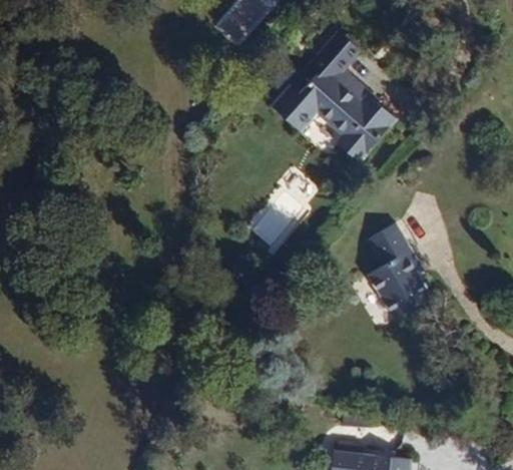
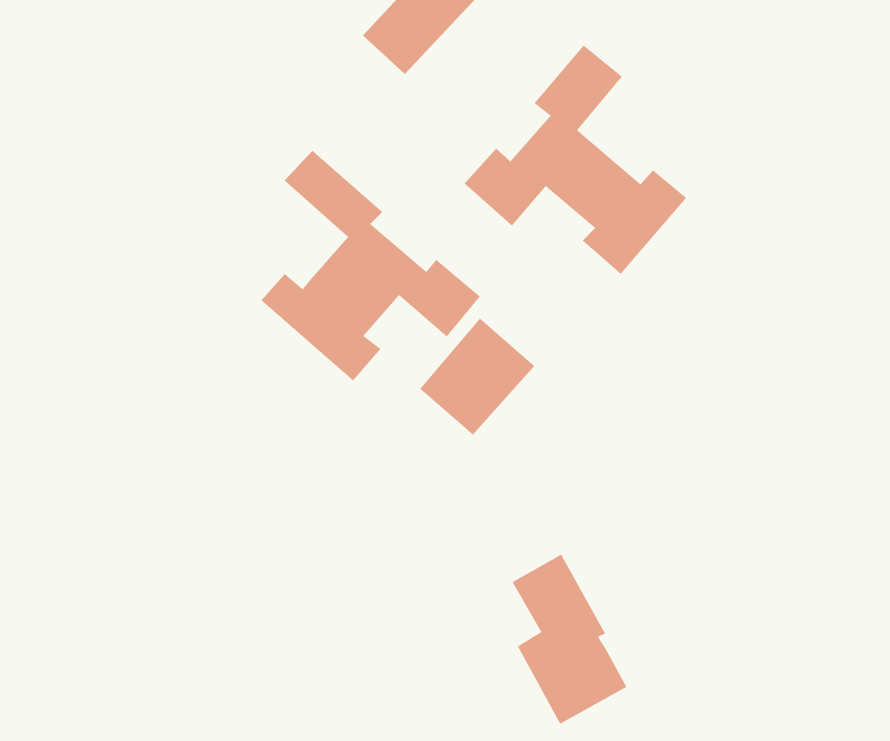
building: none -> [260,150,481,381]
building: [368,221,433,318] -> [512,553,628,725]

